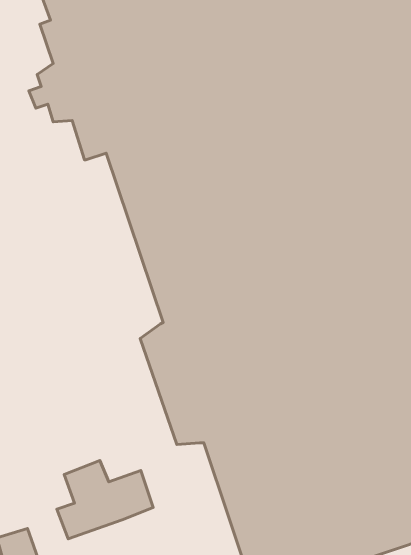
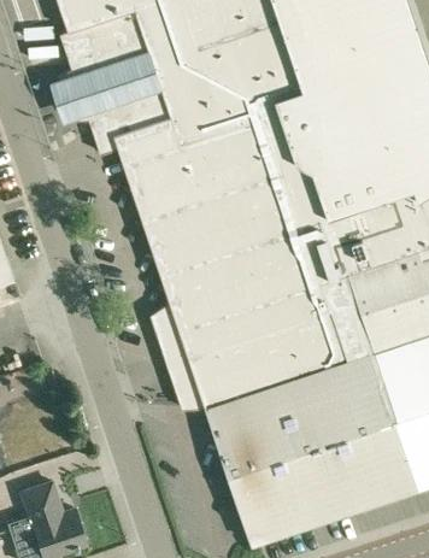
building: [57,461,153,539] -> none

